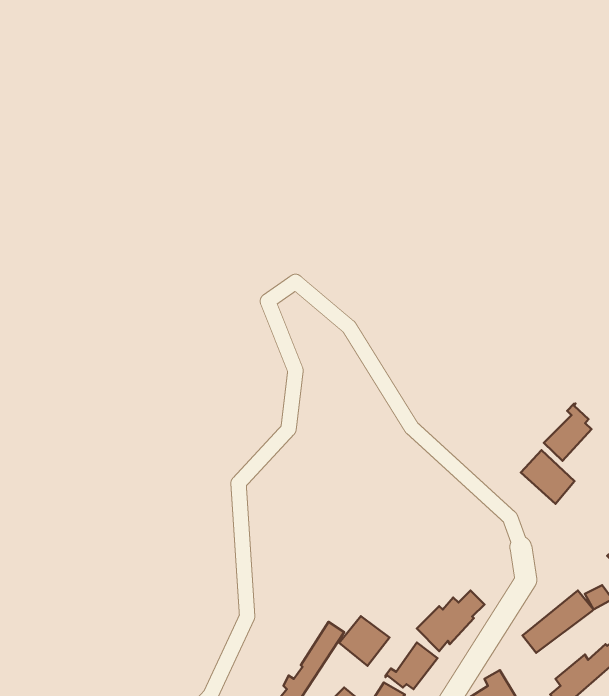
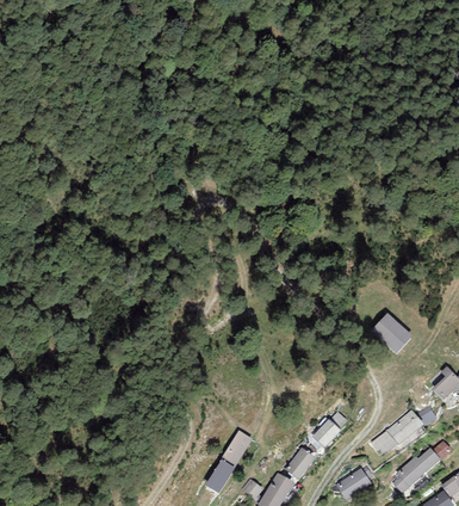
building: [544,404,592,461] -> none
building: [339,616,389,666] -> none

